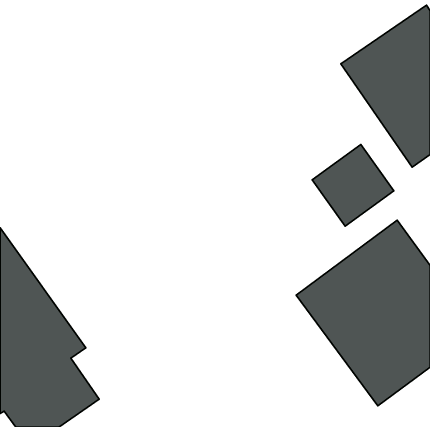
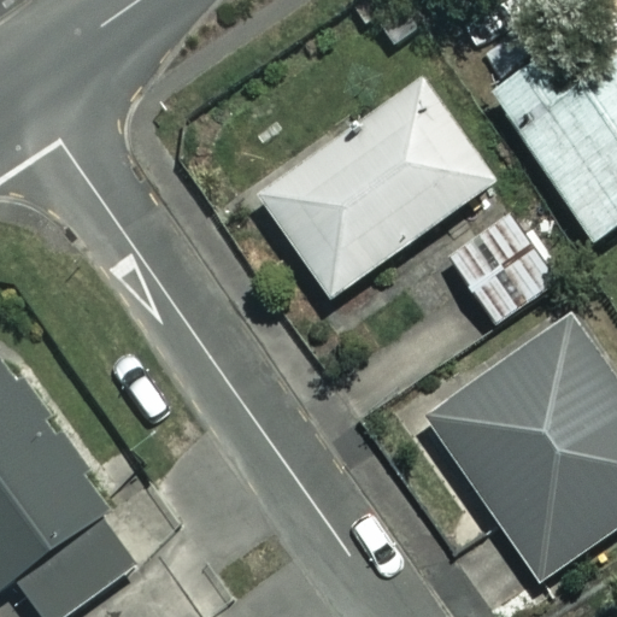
building: none -> [255,81,492,296]

